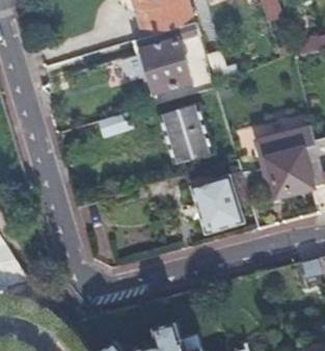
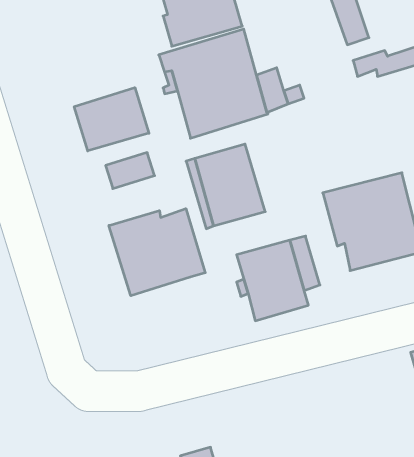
building: none -> [74,88,149,151]
building: none -> [109,209,205,296]

